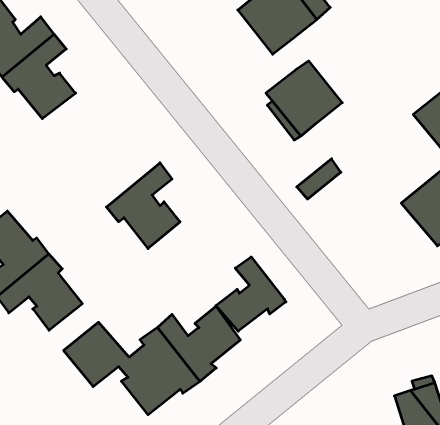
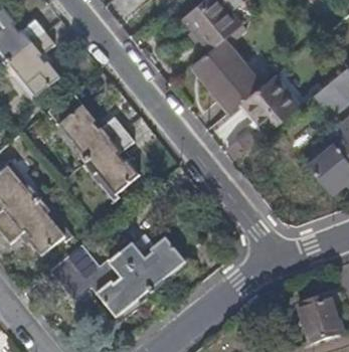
building: none -> [190,37,234,77]
building: none -> [239,72,299,132]
building: none -> [57,106,123,163]
building: [216,257,286,331] -> none

